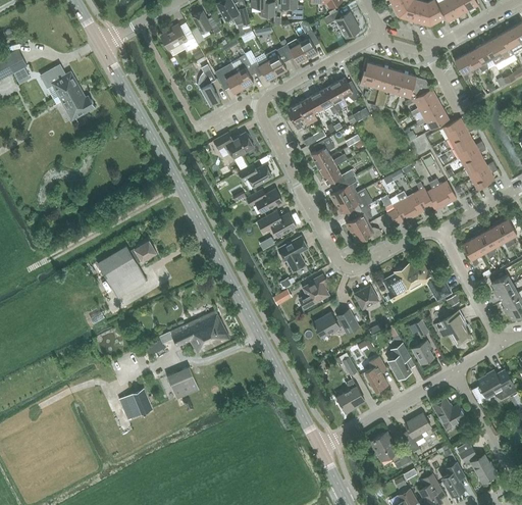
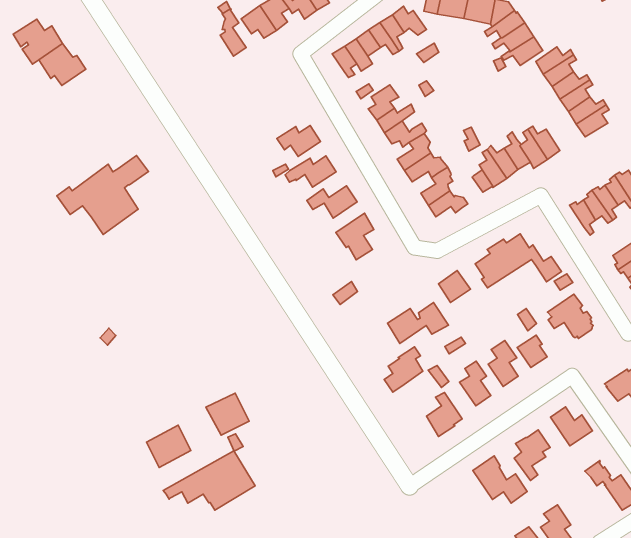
building: [214,133,254,159] -> none
building: [85,240,157,299] -> [57,155,148,234]
building: [298,275,328,309] -> [384,347,423,392]
building: [159,310,230,355] -> [163,451,255,510]
building: [442,462,465,495] -> none

